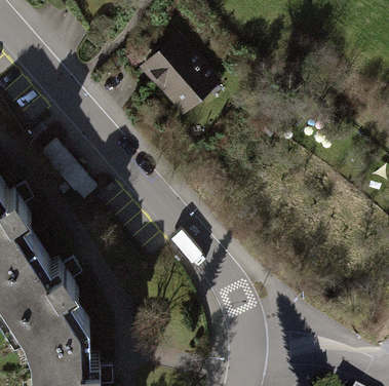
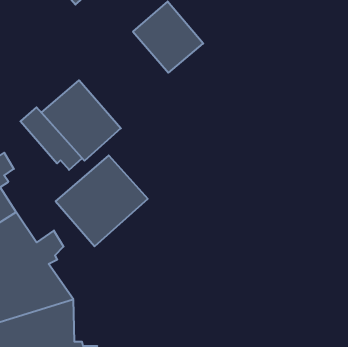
building: none -> [41,80,121,161]
building: none -> [56,155,148,246]

